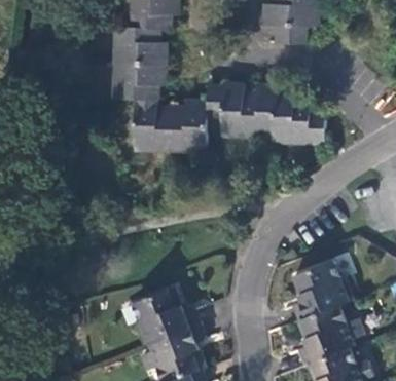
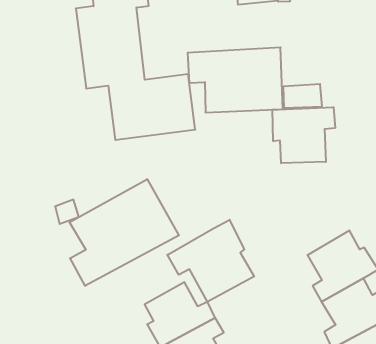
building: none -> [272,107,335,163]
building: none -> [70,179,179,286]
building: none -> [167,220,254,302]

